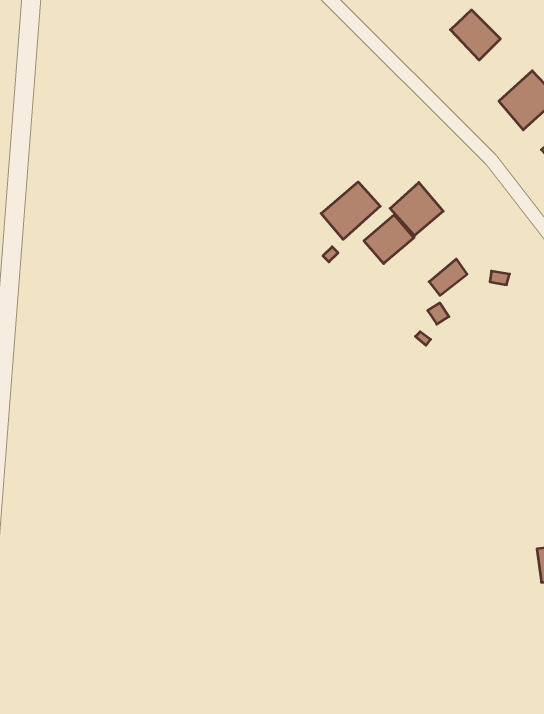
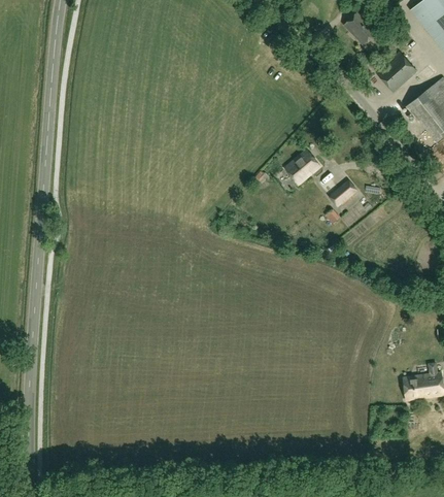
building: [321,182,380,239] -> none
building: [390,182,443,236] -> none

